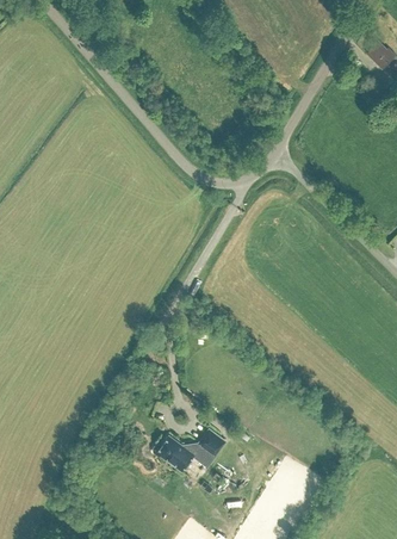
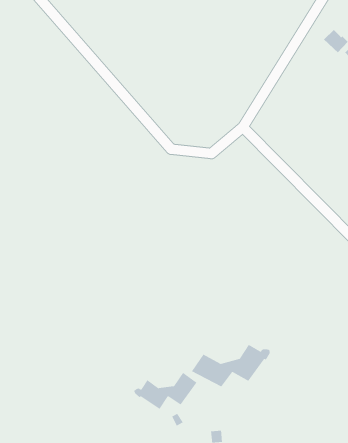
building: none -> [191,344,271,388]

